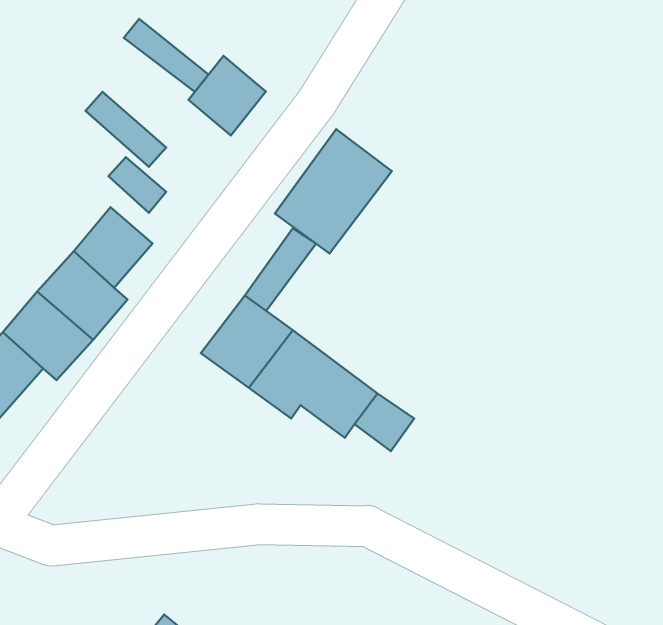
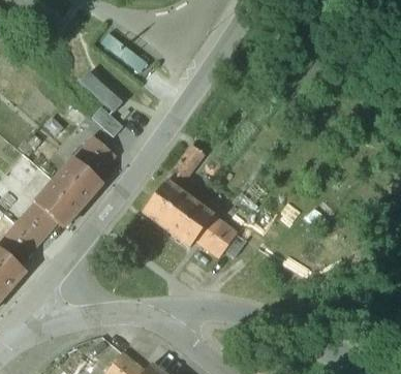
building: [189,56,266,135] -> none
building: [275,129,392,253] -> none

